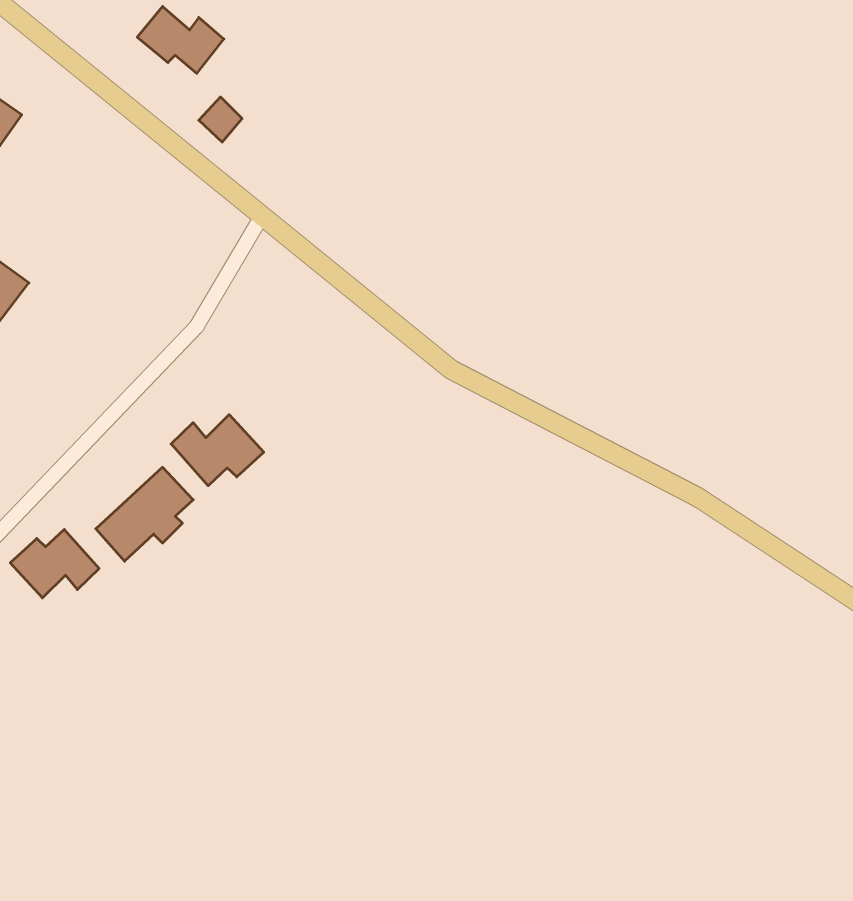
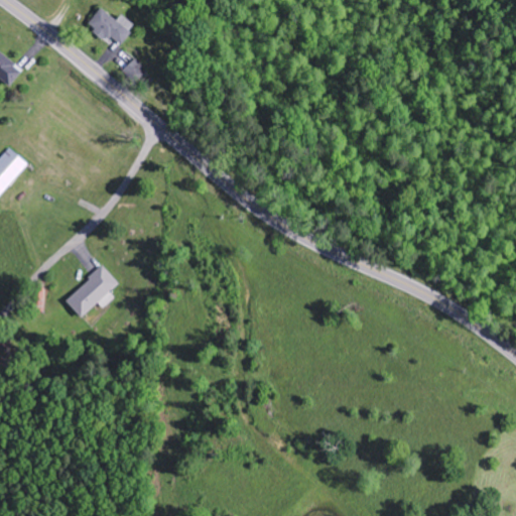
building: [171,415,264,486] -> none
building: [10,529,99,598] -> none

